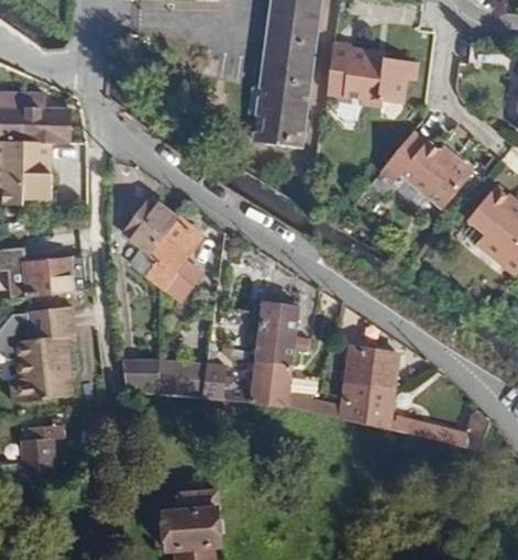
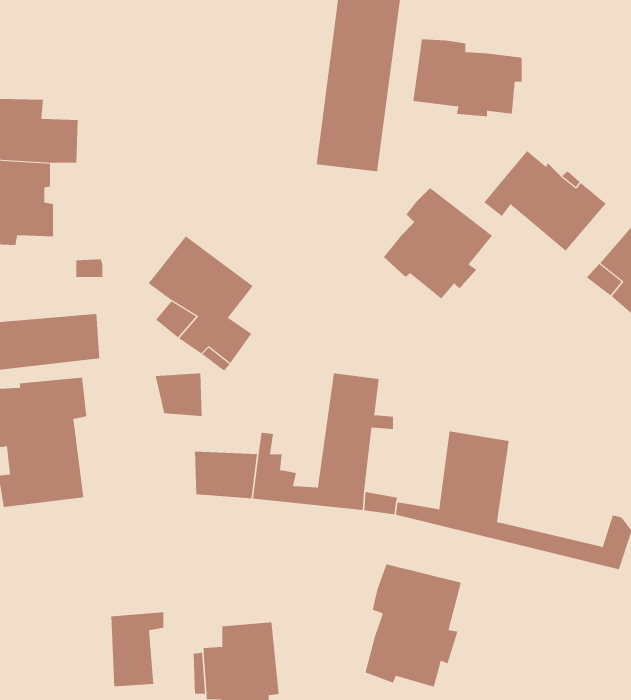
building: none -> [383,187,493,300]
building: [124,361,161,394] -> [155,373,202,416]
building: [24,425,65,482] -> [111,612,164,687]
building: none -> [365,563,461,687]

